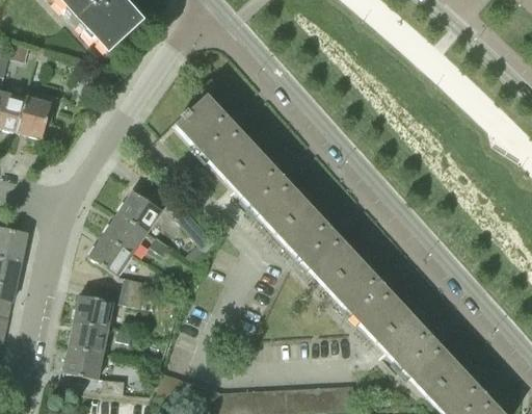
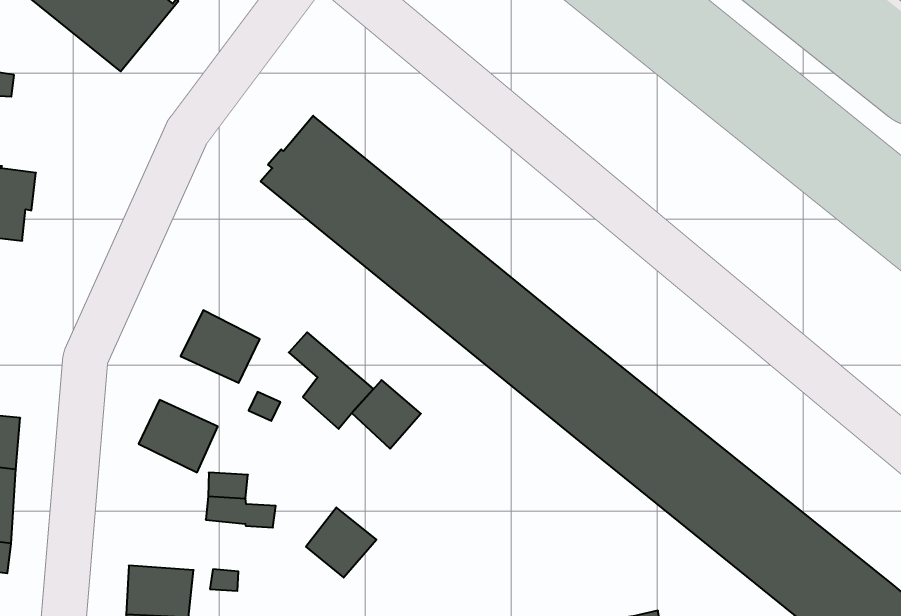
building: [104,212,148,253] -> none
building: none -> [352,380,421,449]
building: [75,293,114,328] -> none
building: none -> [306,507,376,578]

